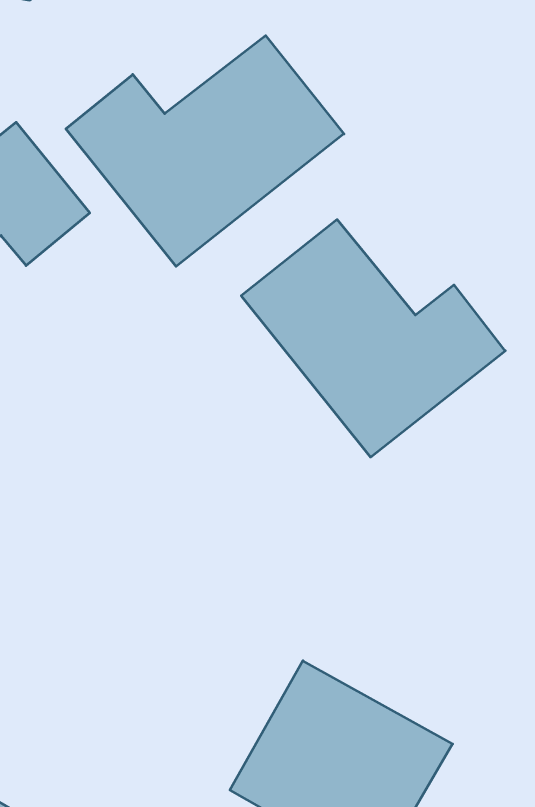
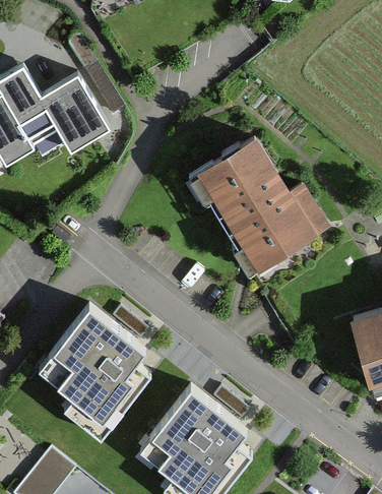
building: [66,36,344,266] -> none
building: none -> [39,300,164,434]

